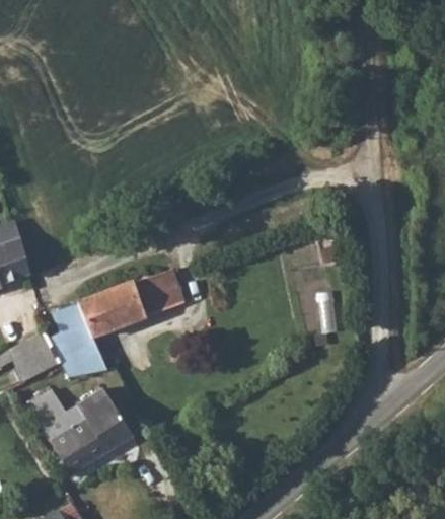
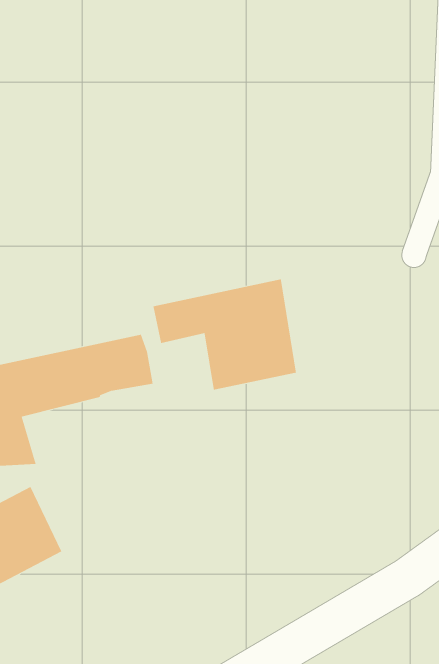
building: none -> [153,278,297,391]

